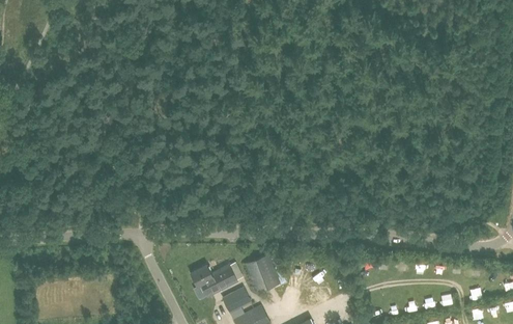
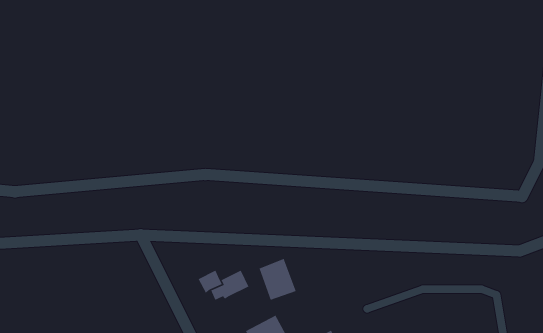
building: [222,287,250,312] -> none

